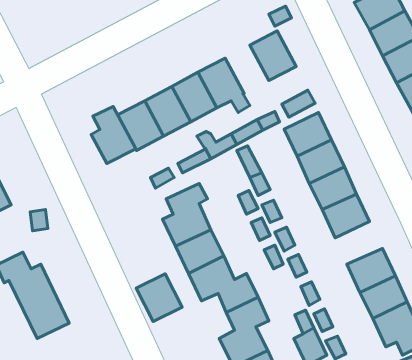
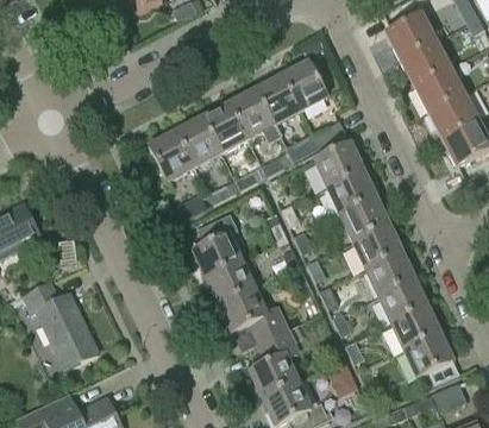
building: none -> [256,75,300,124]
building: [91,107,136,163] -> none
building: none -> [366,252,414,295]
building: [136,274,182,322] -> none

